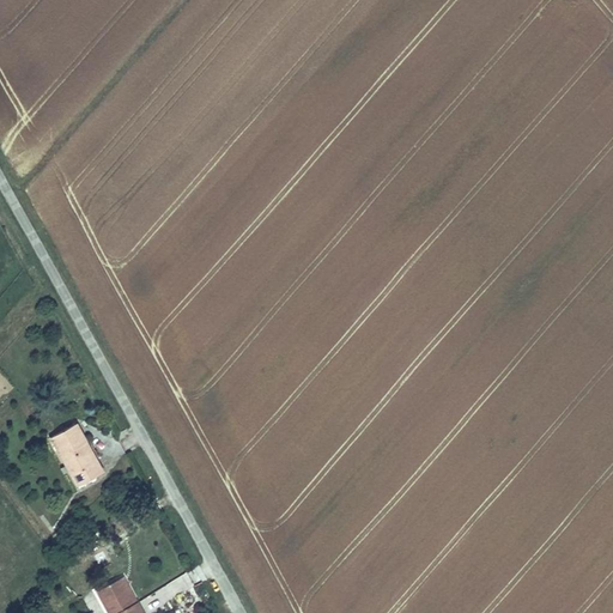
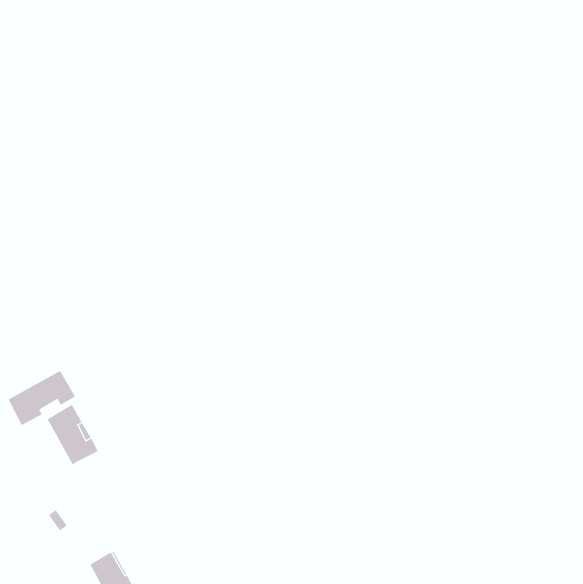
building: none -> [8,370,76,426]

